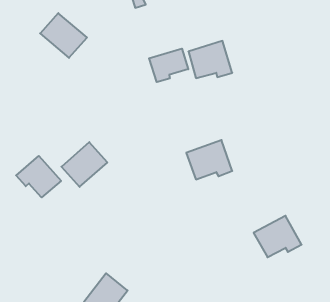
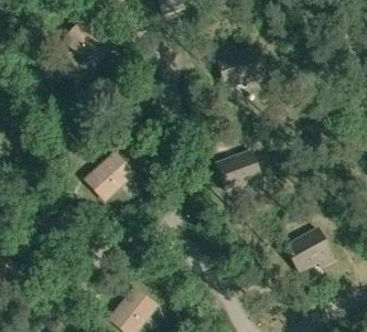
building: [149,49,188,82] -> none
building: [16,156,61,197] -> none

